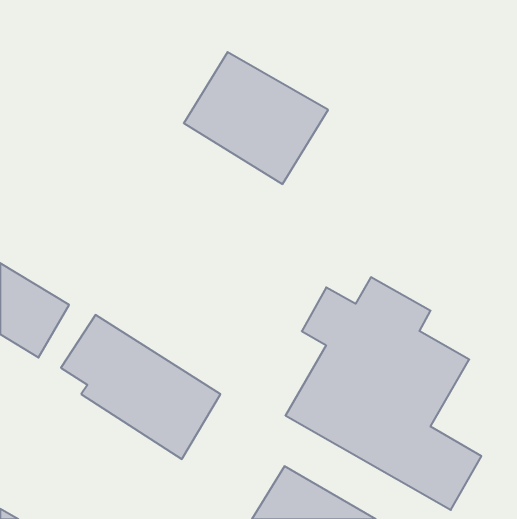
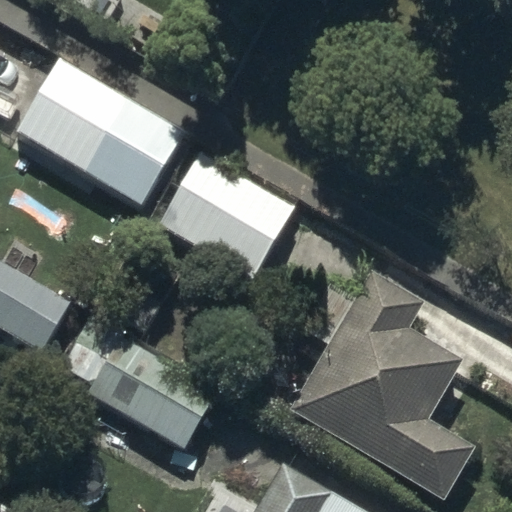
building: [184,52,328,184] -> [154,150,296,280]
building: none -> [22,73,185,215]

